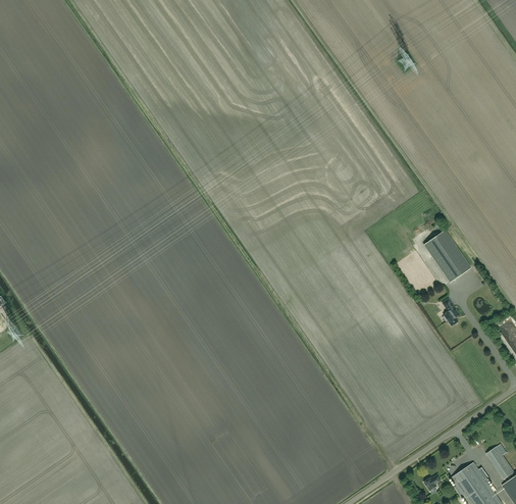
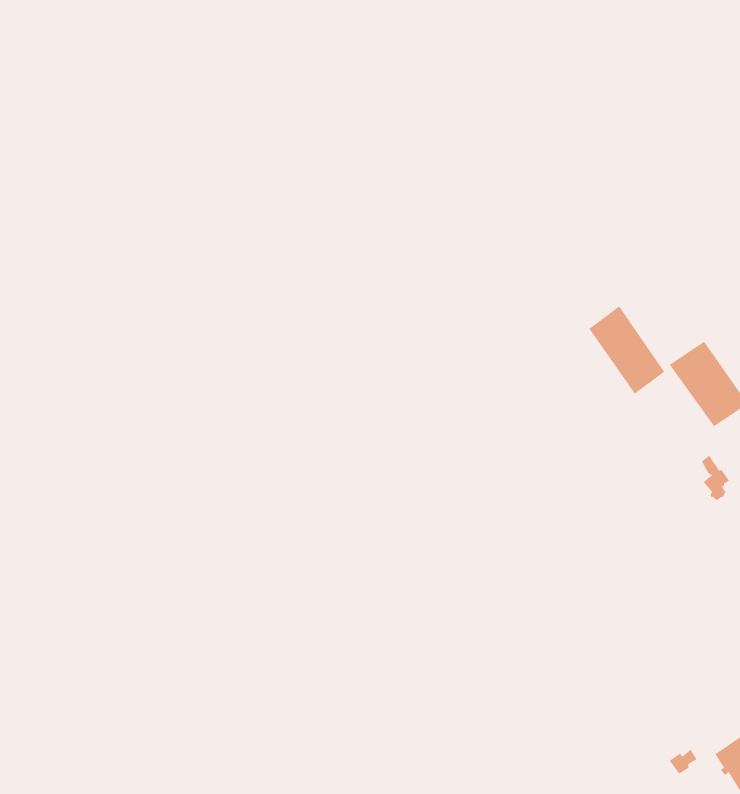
building: none -> [588,305,666,395]

